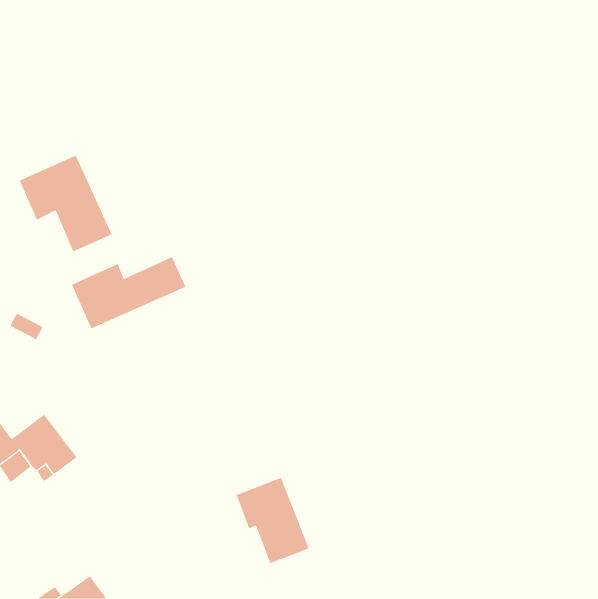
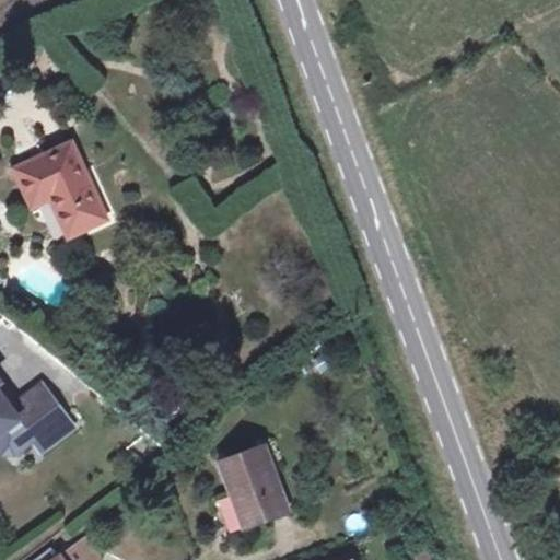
building: [71,256,186,329] -> none

